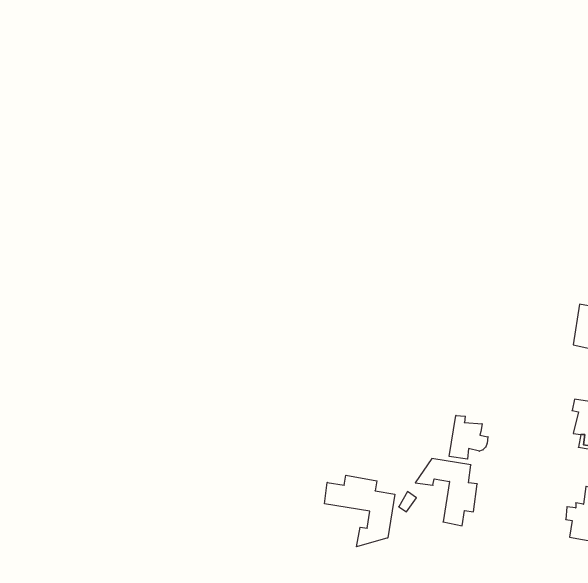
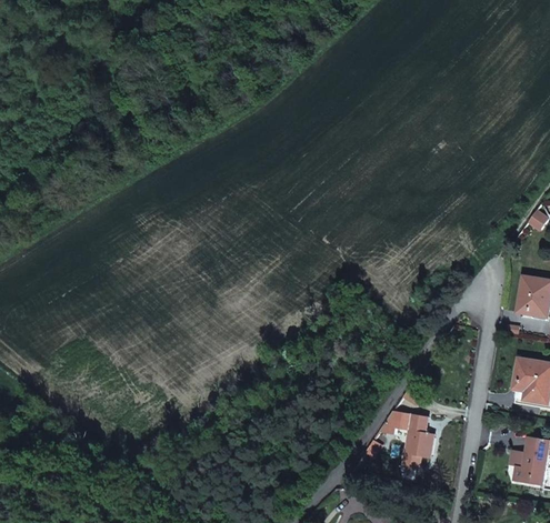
building: [449,415,488,459] -> none
building: [325,475,395,547] -> none

